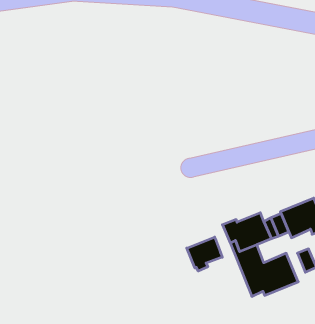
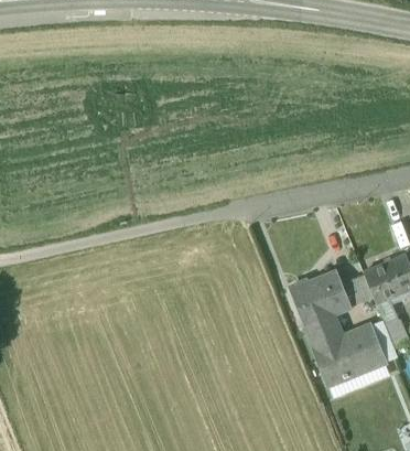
building: [187,237,222,271] -> none

